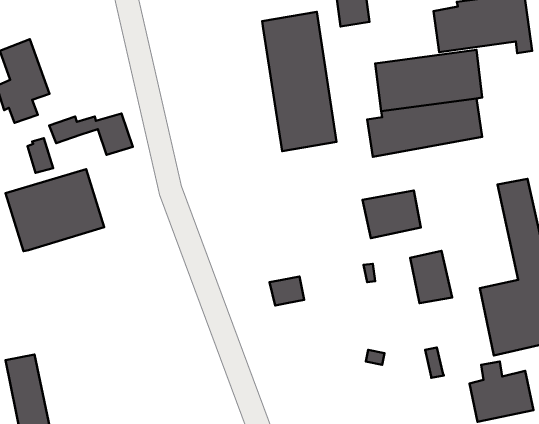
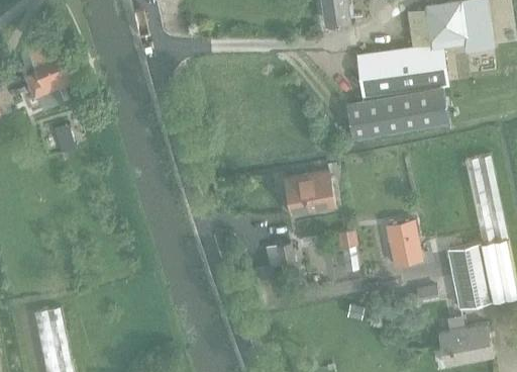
building: [262,12,337,151] -> none
building: [49,113,133,155] -> none
building: [6,169,104,251] -> none
building: [363,190,421,238] -> [286,174,336,215]

